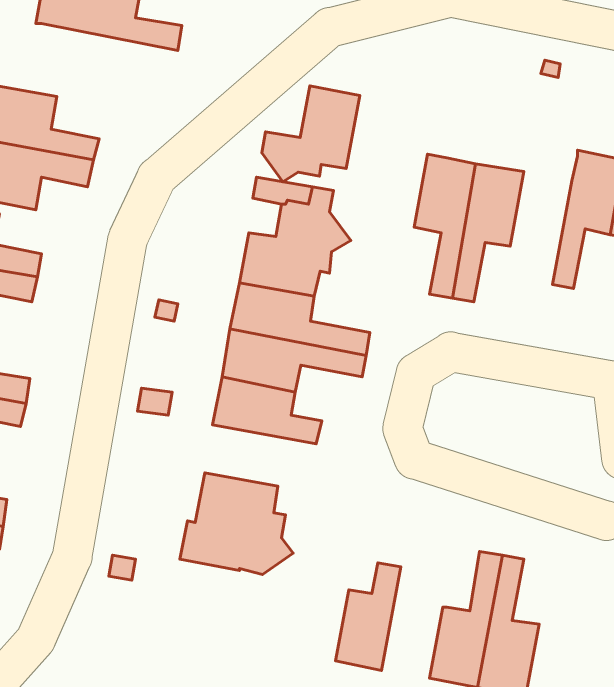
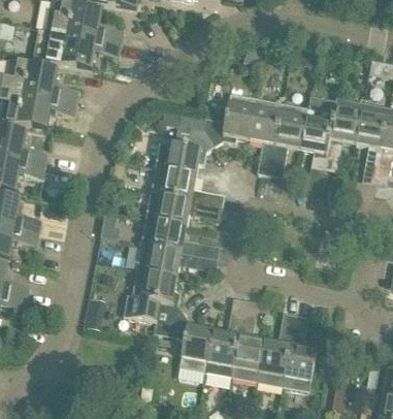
building: none -> [43,28,122,68]
building: [262,86,360,182] -> [203,93,256,144]
building: none -> [300,95,336,184]
building: none -> [136,244,196,277]
building: none -> [153,313,214,370]
building: none -> [231,320,264,380]

